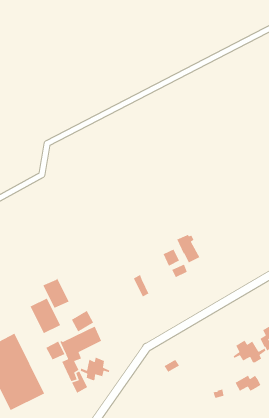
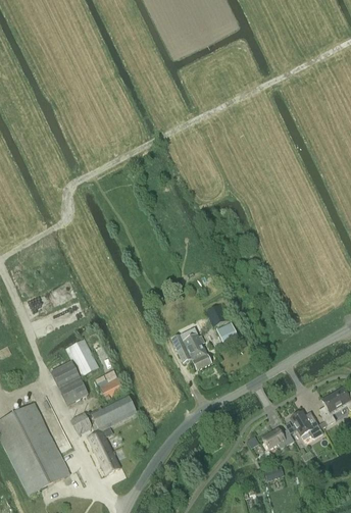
building: [176,234,201,264] -> [183,334,211,368]
building: [80,356,110,381] -> none
building: [234,375,261,392] -> [262,427,294,448]

